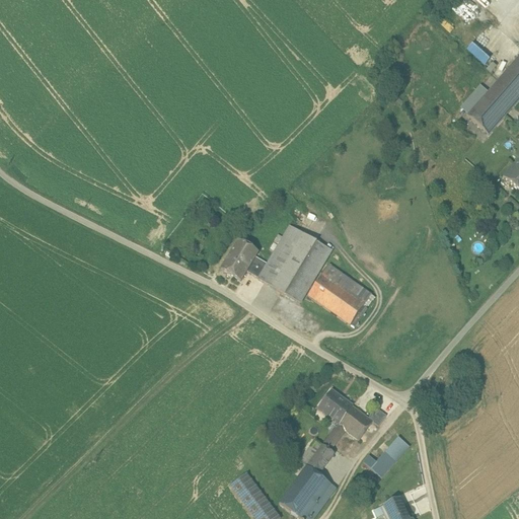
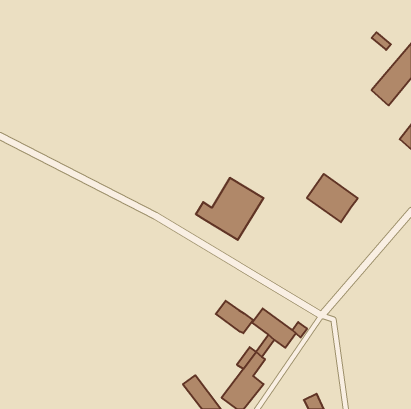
building: [221,238,260,279] -> none
building: [308,264,372,324] -> [307,174,358,222]
building: none -> [216,301,253,333]
building: [364,435,410,476] -> none

